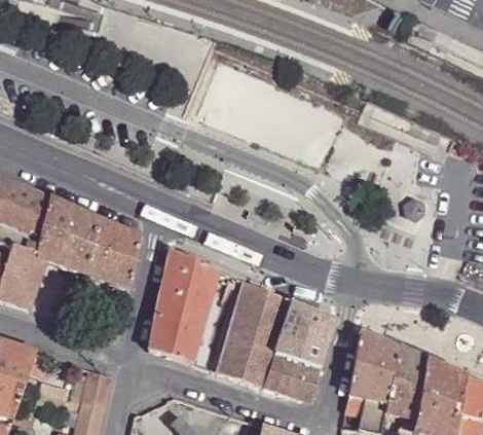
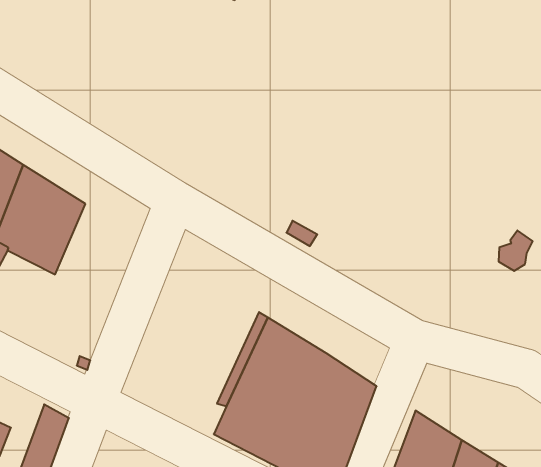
building: [84,218,141,288] -> none
building: [148,249,219,363] -> none

